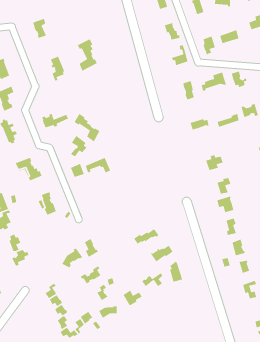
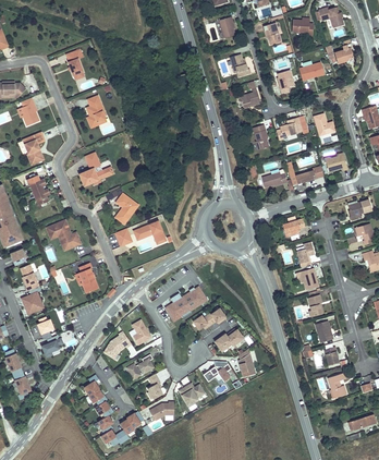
building: [77,38,98,72] -> none
building: [74,113,100,143] -> none
building: none -> [166,287,207,320]

